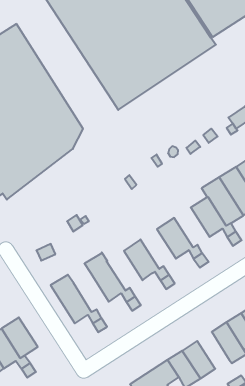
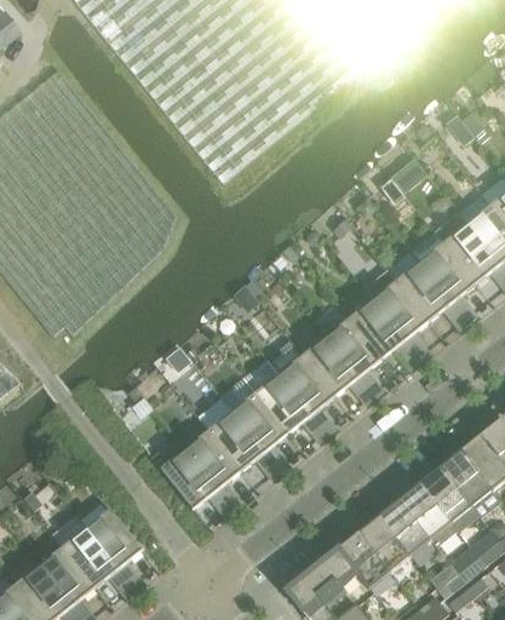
building: none -> [323,318,379,378]
building: none -> [265,341,332,415]
building: none -> [229,394,286,453]
building: none -> [183,431,239,490]
building: none -> [377,501,427,556]

